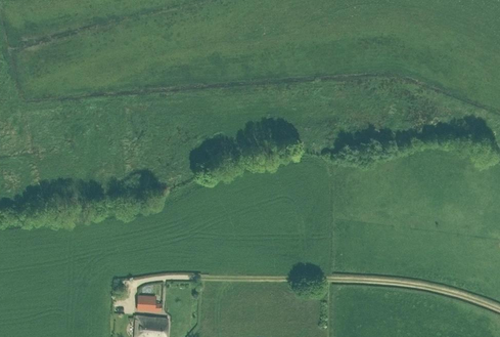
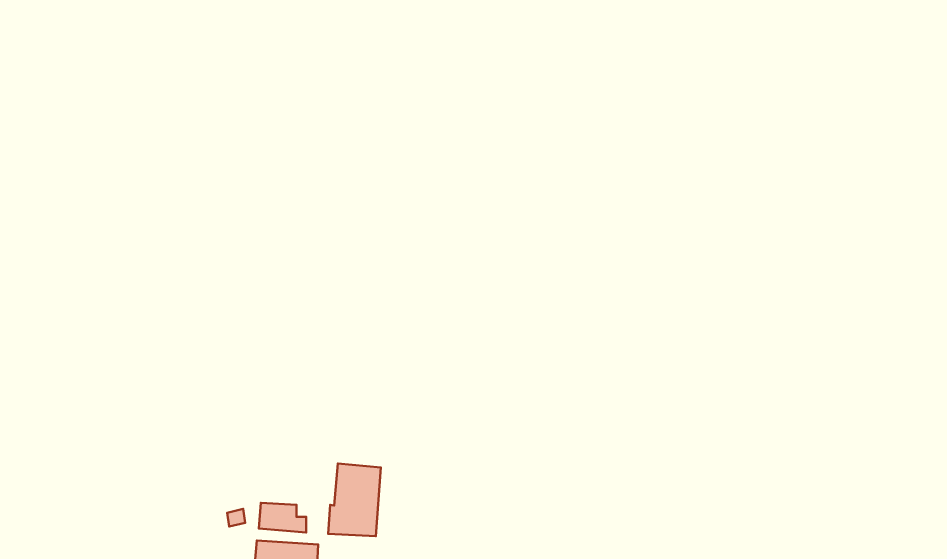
building: none -> [328,463,381,536]

